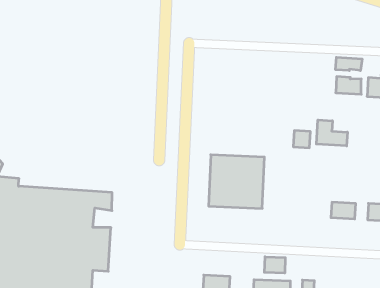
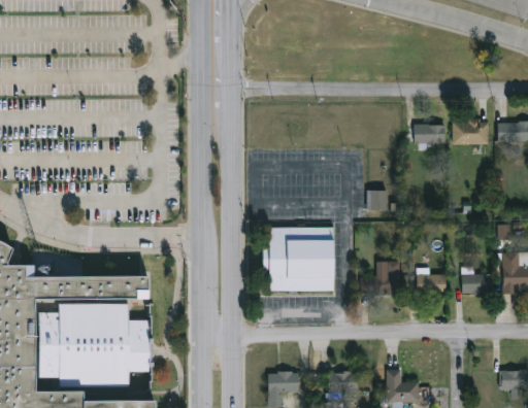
building: [336,57,362,71] -> none
building: [316,120,347,146] -> none
building: none -> [360,261,399,293]
building: [264,257,285,273] -> none

